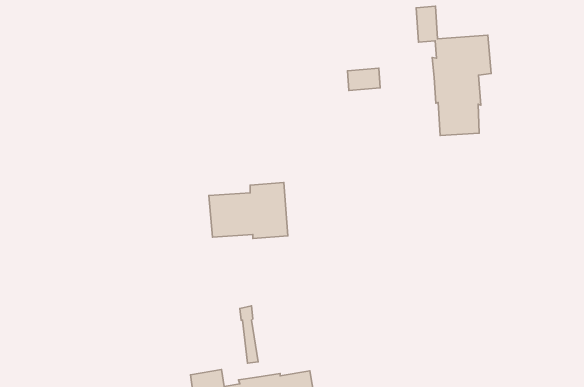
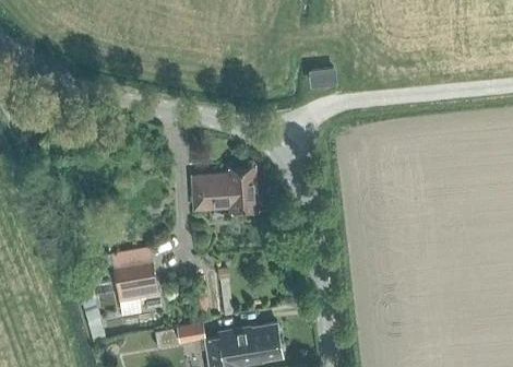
building: [416,6,491,136] -> none
building: none -> [106,248,158,318]

